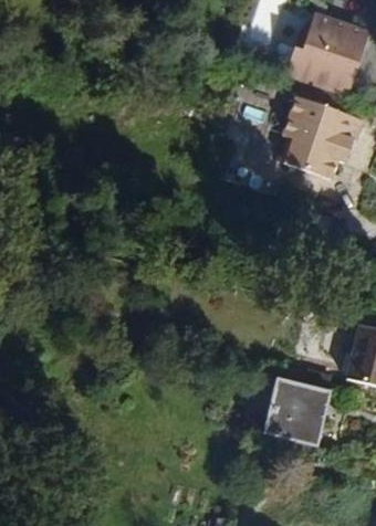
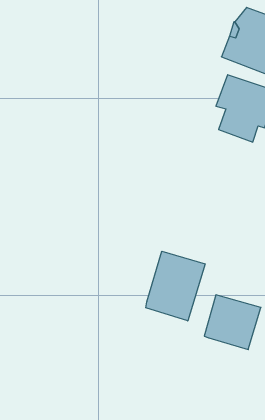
building: none -> [146,251,205,321]

